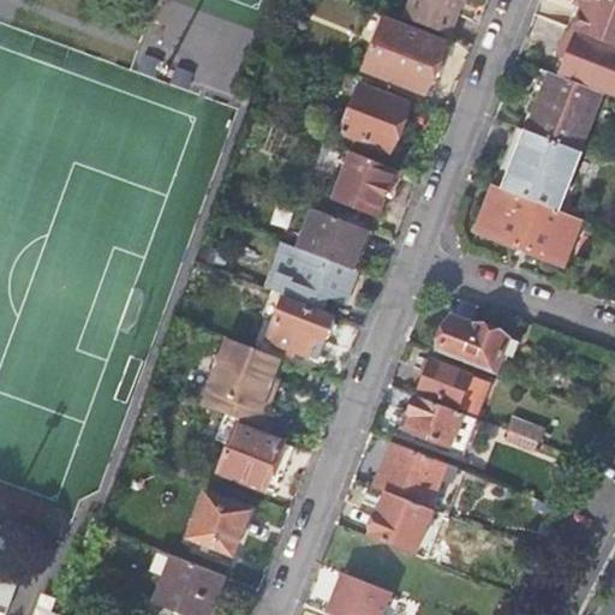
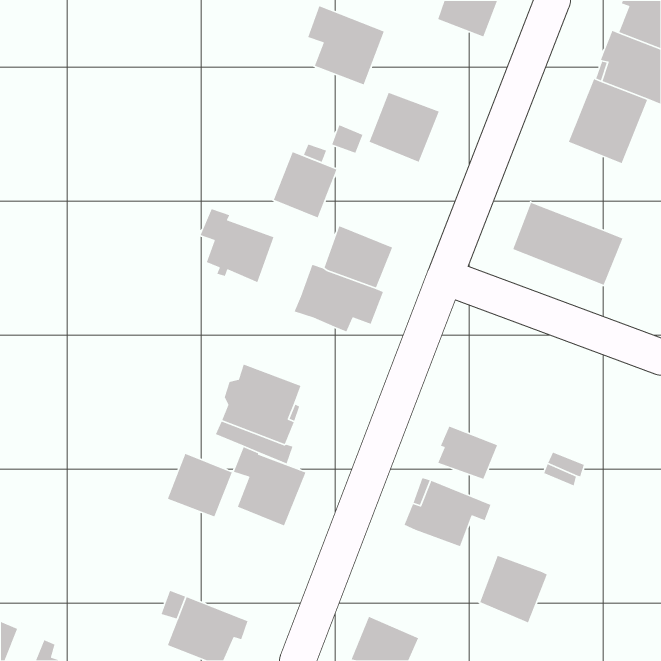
building: [374,19,446,94] -> [307,5,385,85]
building: [502,129,580,213] -> none
building: [336,153,396,215] -> [273,151,338,218]
building: [262,289,332,359] -> [200,208,275,283]
building: [436,316,517,374] -> none
building: [419,360,488,414] -> none
building: [189,492,250,553] -> [167,453,233,517]
building: [369,492,432,556] -> [479,555,548,623]

